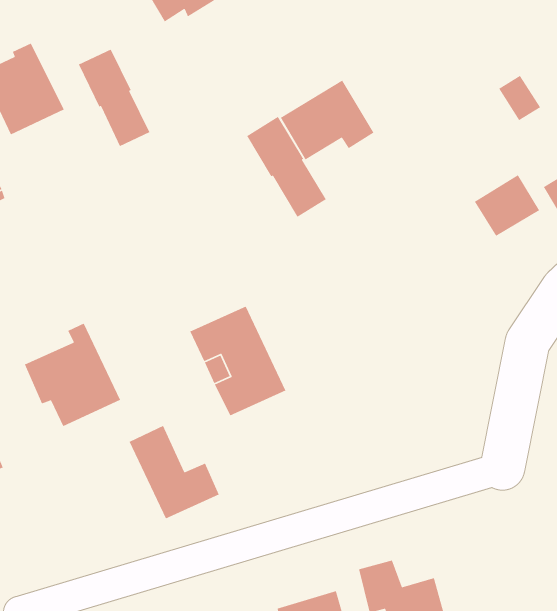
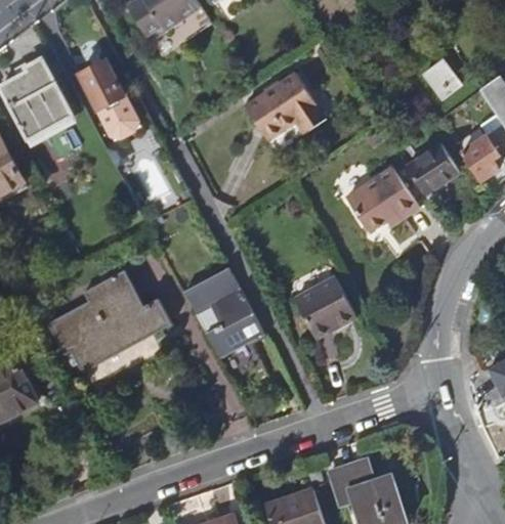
building: [246,116,327,218] -> none
building: none -> [347,168,420,233]
building: none -> [294,273,356,330]
building: [129,425,220,519] -> [95,269,172,346]

